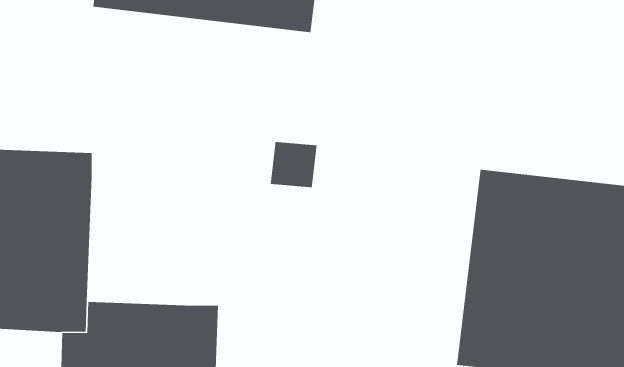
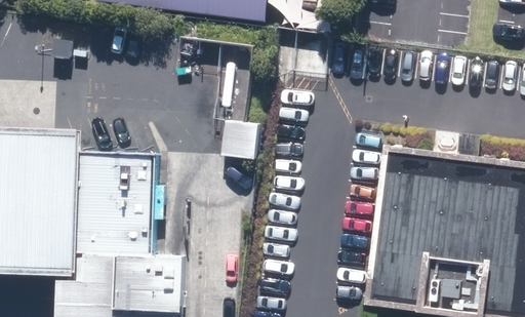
building: none -> [76,149,160,254]

